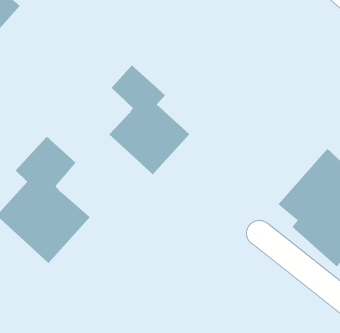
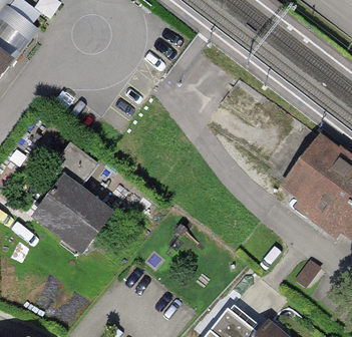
building: [108,65,190,175] -> none

